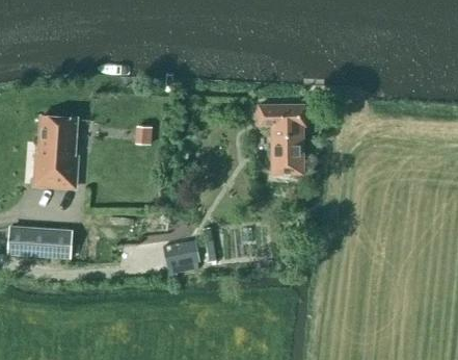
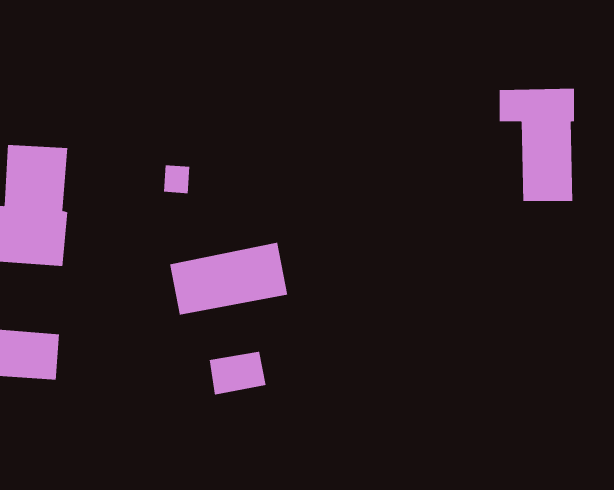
building: [259,103,305,173] -> [499,88,575,202]
building: none -> [170,242,288,315]

